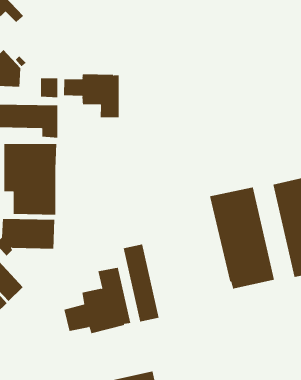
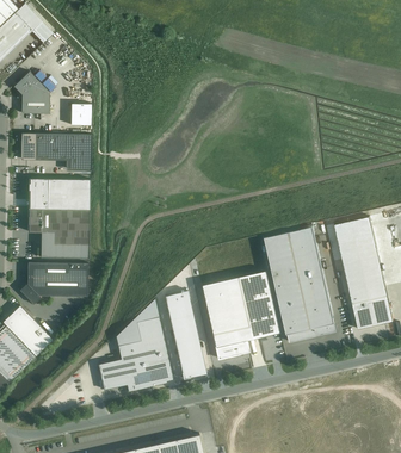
building: [64,74,119,118] -> none
building: none -> [200,272,279,360]

